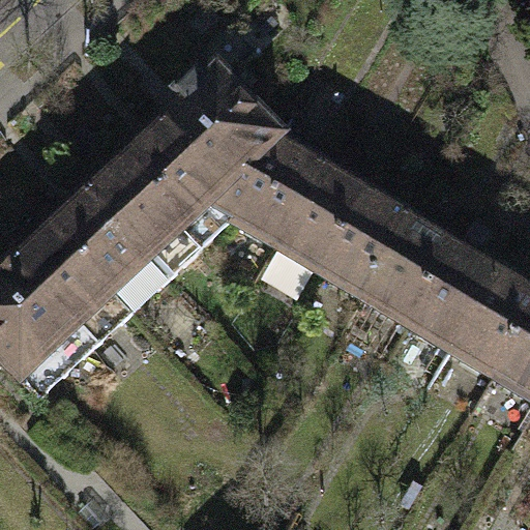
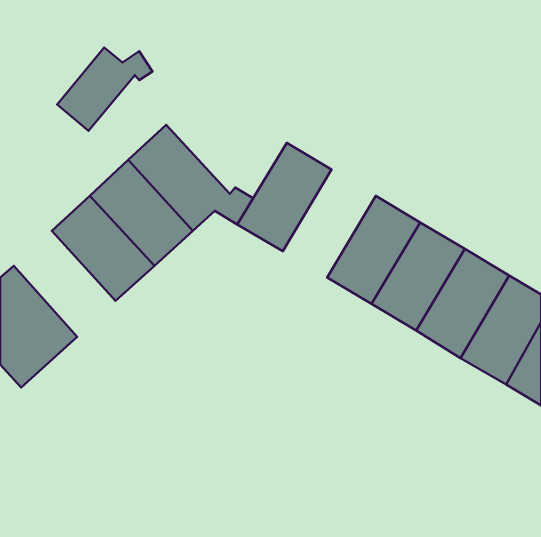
building: none -> [57,47,153,131]
building: [163,71,281,194] -> none
building: [276,166,367,271] -> none
building: [13,226,113,329] -> none

